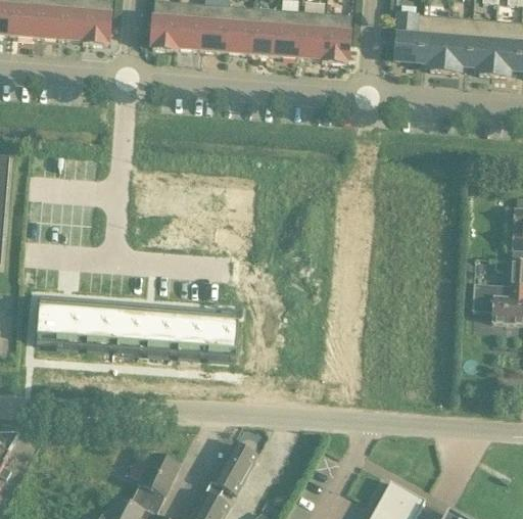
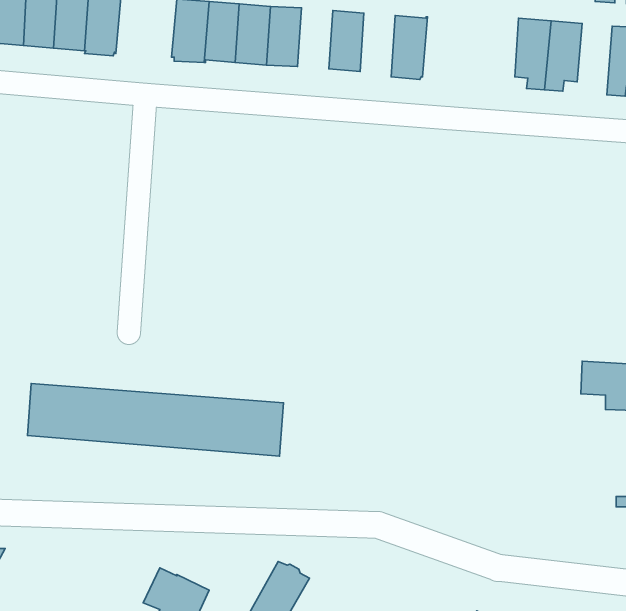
building: [249,7,277,55] -> none
building: [298,11,326,61] -> none
building: [394,13,423,61] -> none
building: [469,19,496,76] -> none

